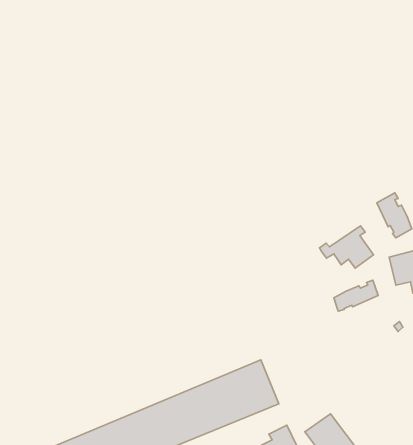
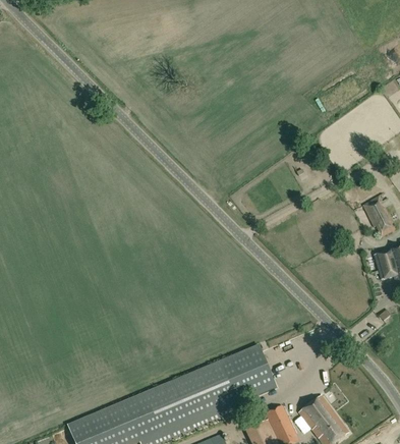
building: [320,226,374,268] -> none
building: [334,280,378,311] -> none

